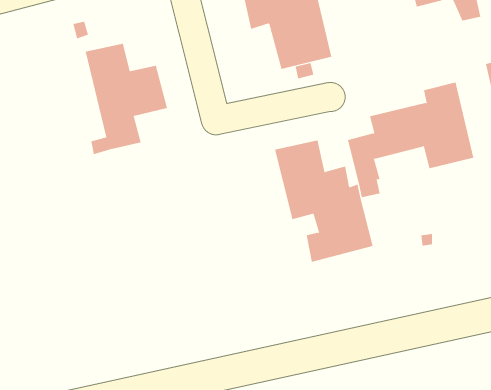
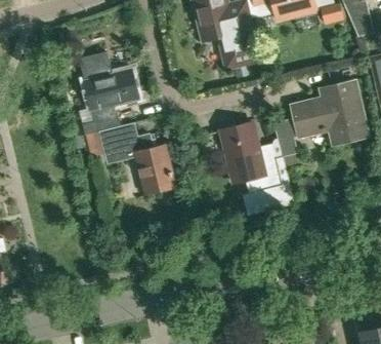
building: none -> [97,122,174,194]

